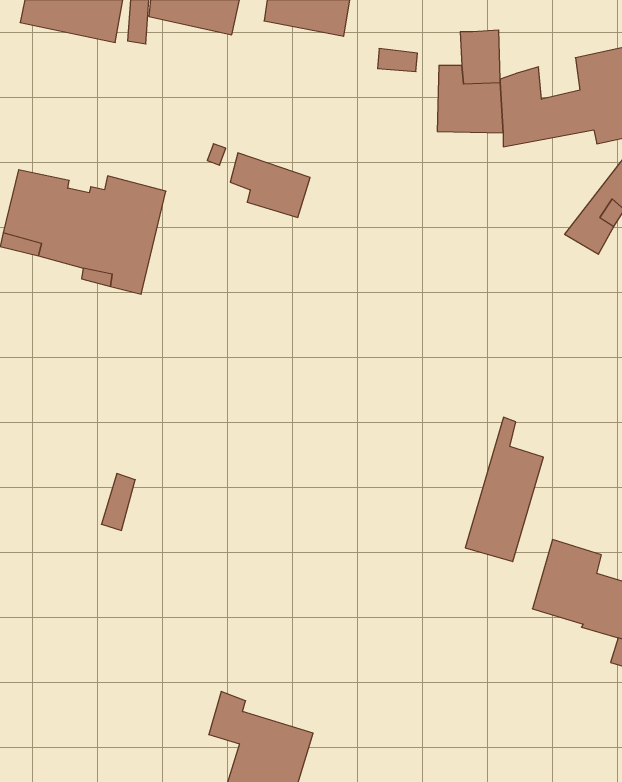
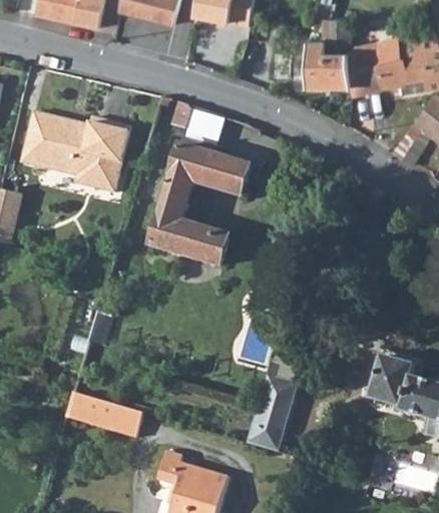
building: none -> [150,143,250,265]
building: [465,417,543,562] -> [245,359,296,453]
building: none -> [67,392,143,433]

